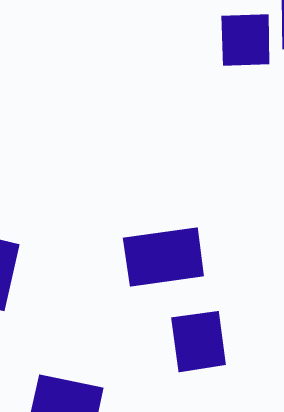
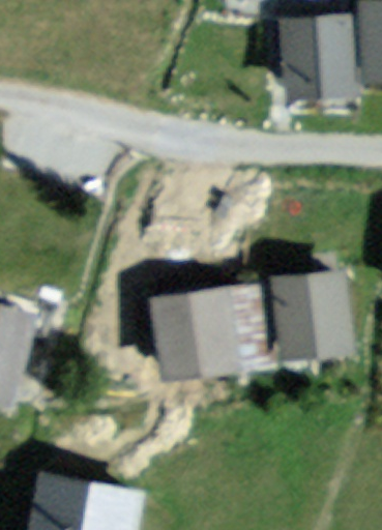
building: none -> [273,275,342,349]
building: [170,310,227,373] -> none

